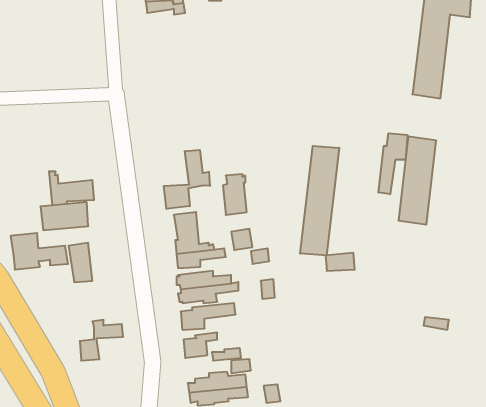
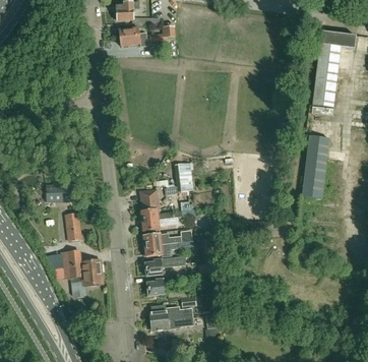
building: [378,133,407,194] -> none
building: [300,146,339,255] -> none
building: [164,150,210,209] -> none
building: [49,171,94,205] -> none
building: [11,233,68,270] -> [60,249,102,276]

